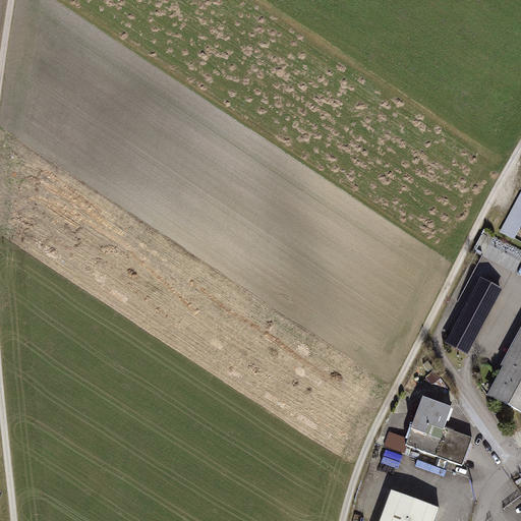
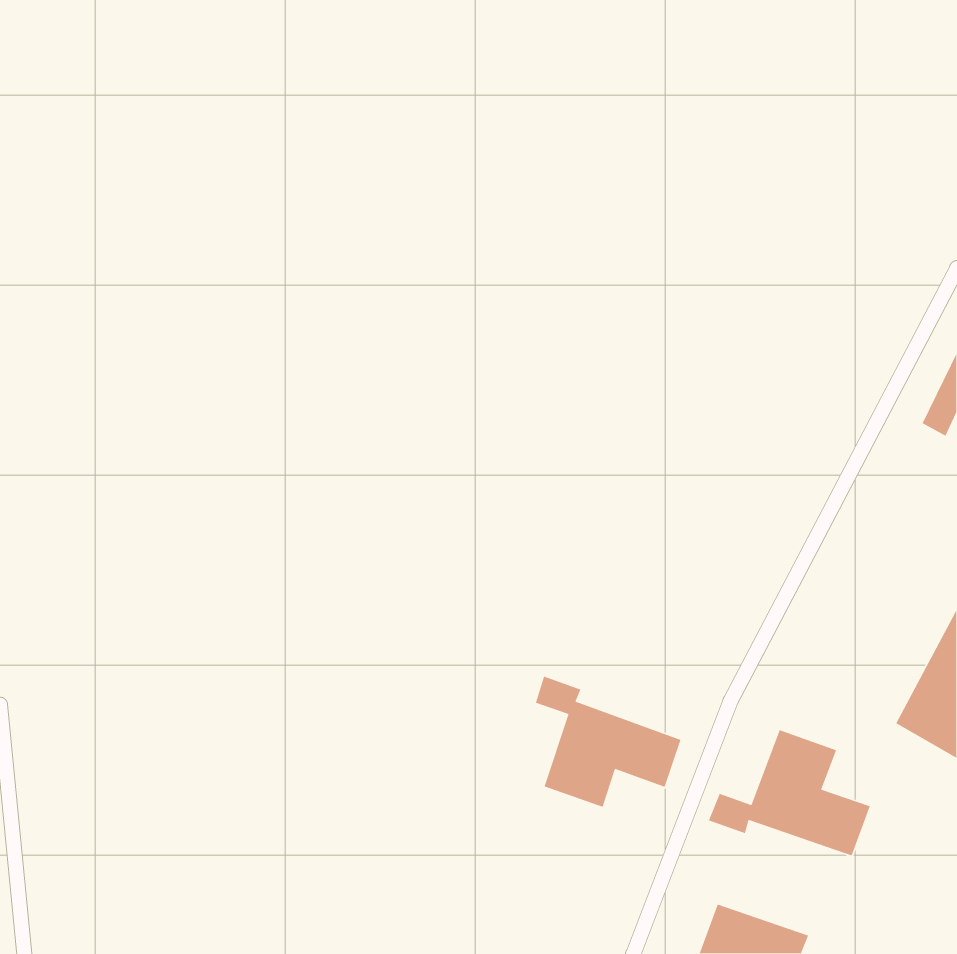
building: [447,277,503,352] -> none
building: none -> [535,676,682,808]

